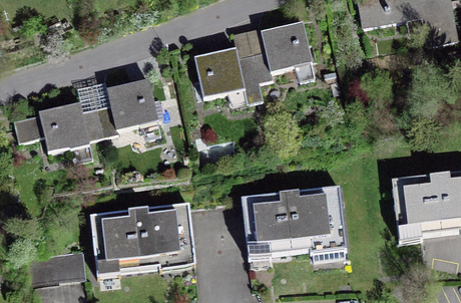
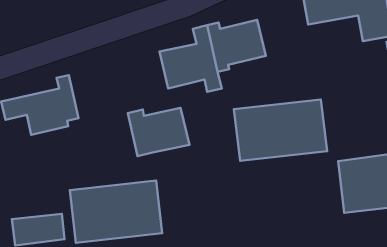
building: [89,81,159,136] -> [128,108,189,156]
building: [244,193,350,263] -> [234,100,327,161]

